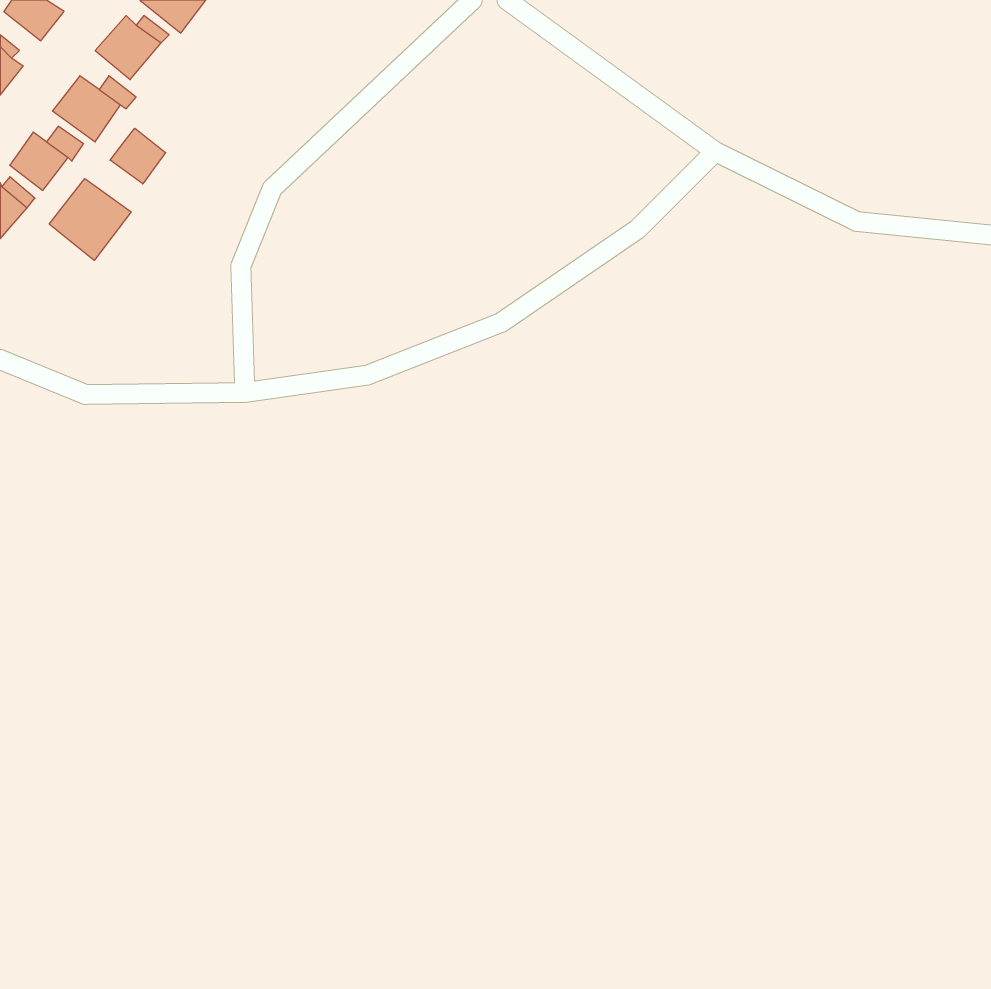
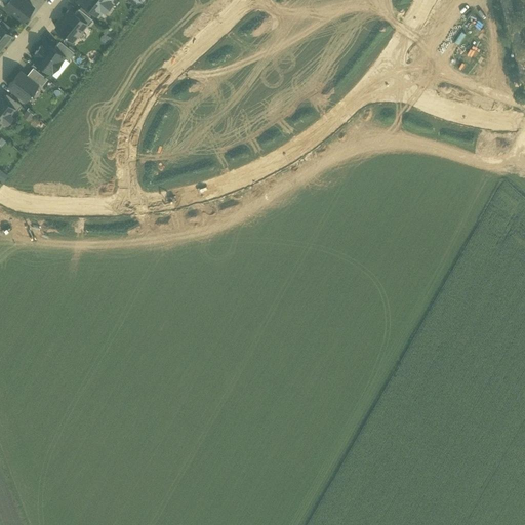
building: [110,128,166,184] -> none
building: [49,179,131,260] -> none

